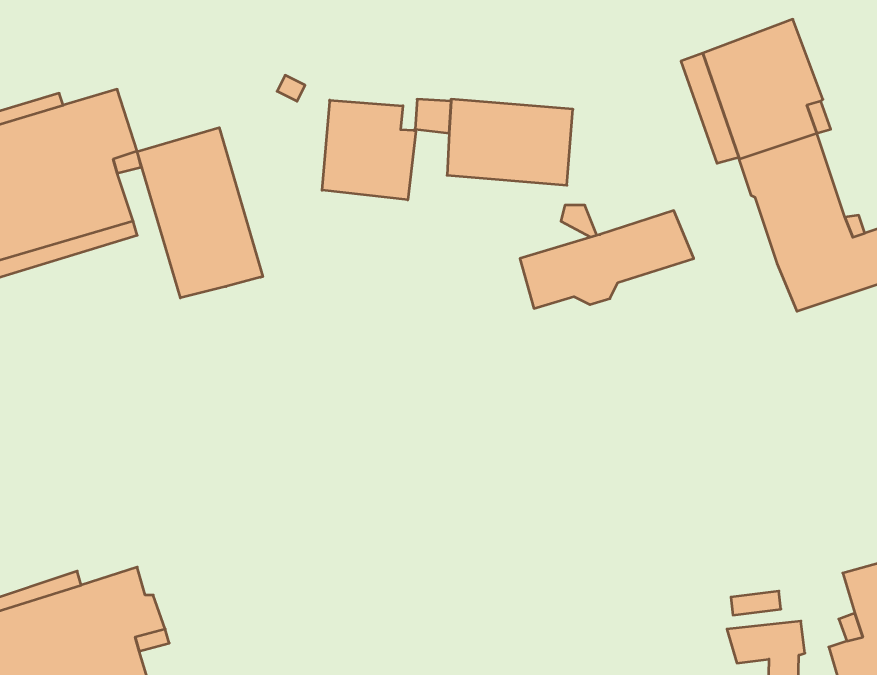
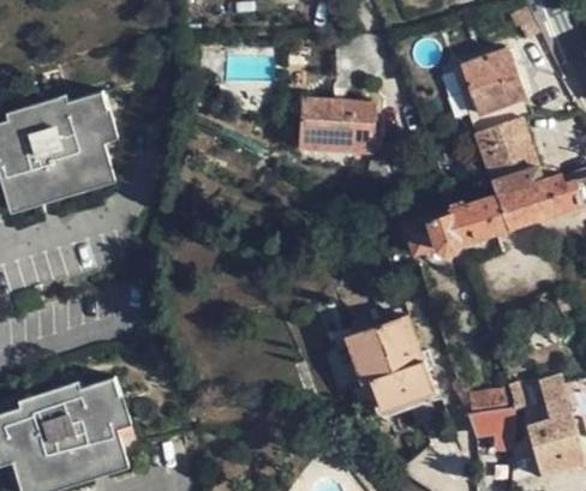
building: [322,100,416,200] -> none
building: [137,128,263,298] -> none
building: [520,211,694,308] -> [405,198,509,257]
building: none -> [345,319,432,413]

